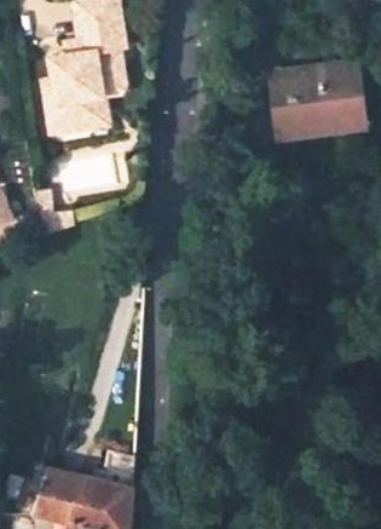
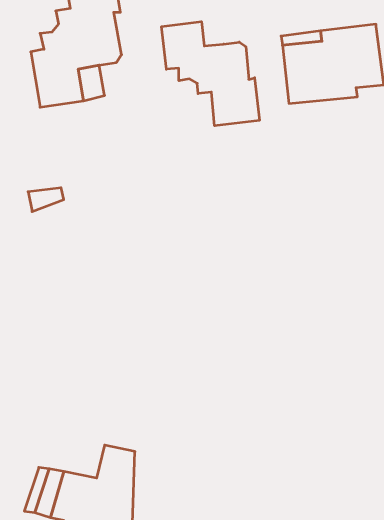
building: none -> [162,22,259,126]

